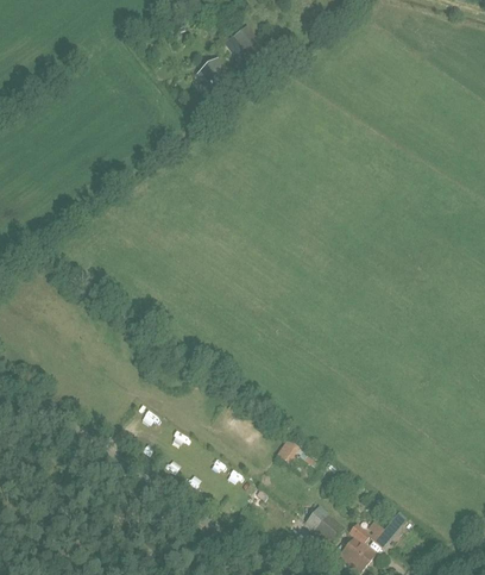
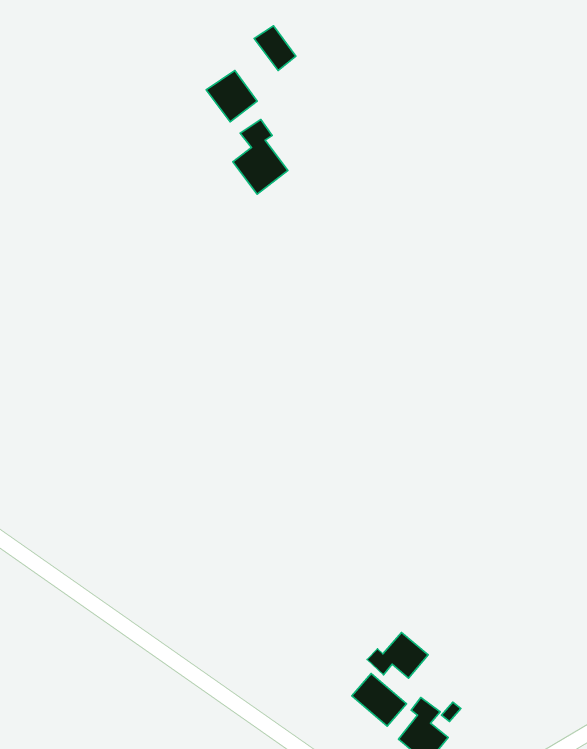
building: none -> [233,119,288,194]
building: none -> [367,632,428,678]

